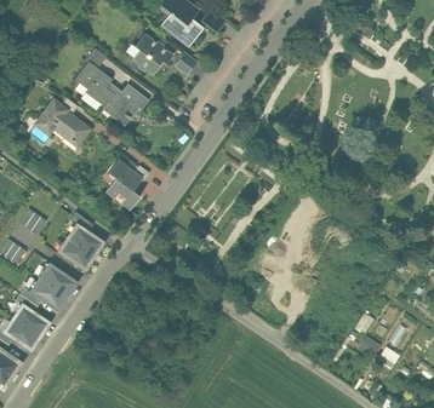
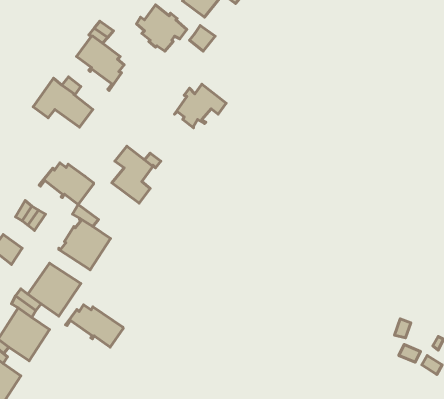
building: [103,82,149,121] -> [175,84,226,128]
building: none -> [39,163,94,205]
building: none -> [65,305,123,347]

